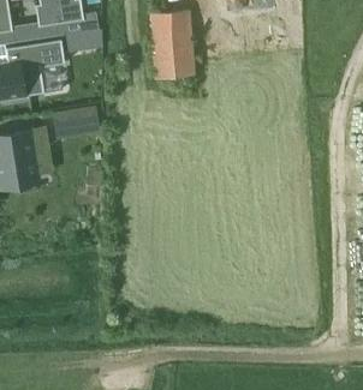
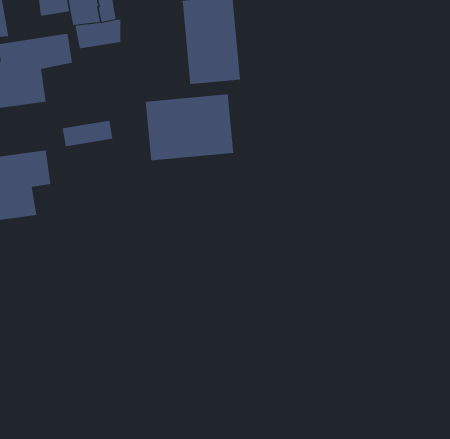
building: none -> [145,93,234,161]

